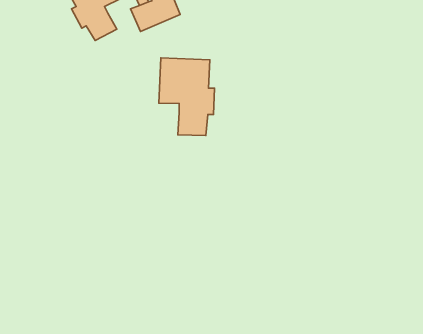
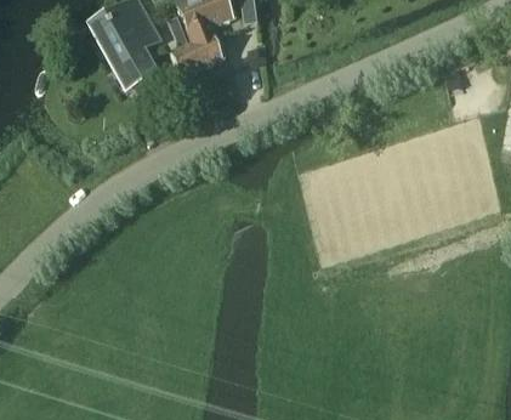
building: [159,58,214,135] -> none

